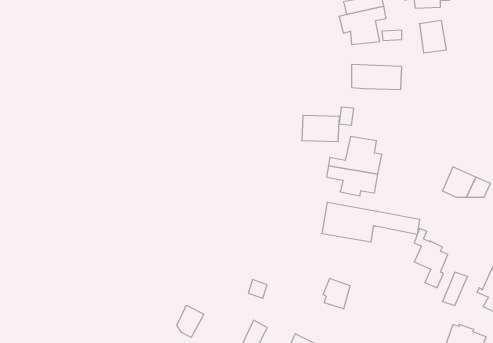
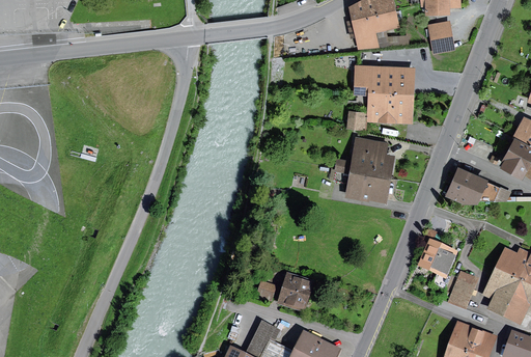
building: [302,116,339,142] -> [371,91,409,117]
building: [322,202,420,242] -> none
building: [323,279,350,309] -> [281,277,308,307]
building: [177,305,204,337] -> none

